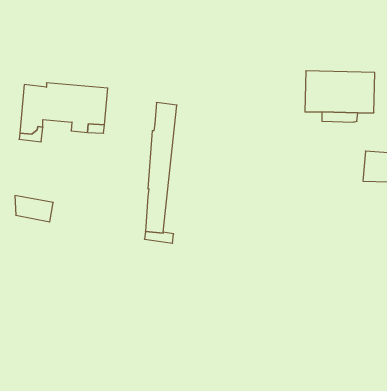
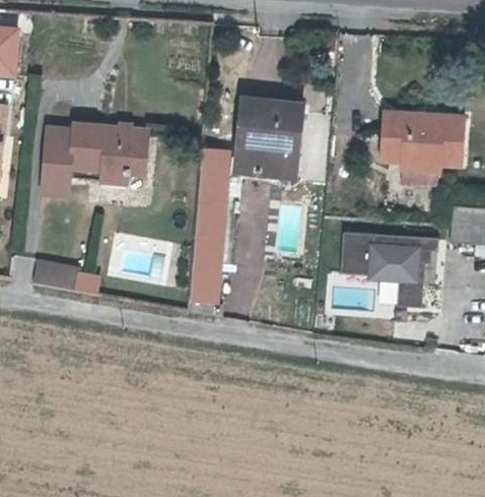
building: none -> [238,102,299,178]
building: none -> [339,232,438,307]

